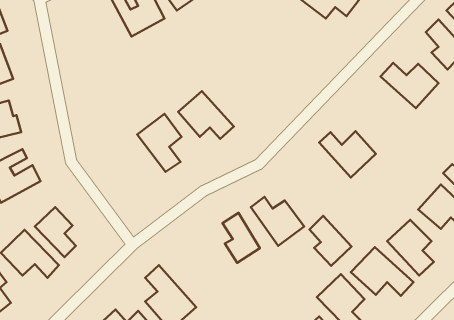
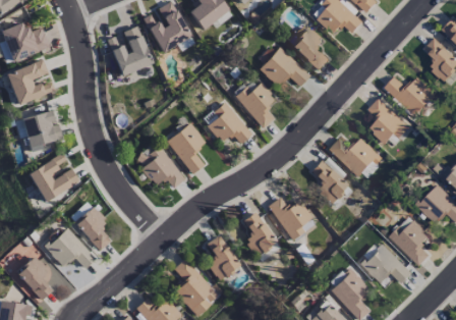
building: none -> [108,25,153,75]
building: none -> [291,26,330,71]
building: none -> [259,47,310,87]
building: none -> [234,83,276,128]
building: none -> [367,99,410,144]
building: none -> [138,143,185,190]
building: [310,216,352,266] -> [310,159,348,204]
building: none -> [206,234,240,280]

